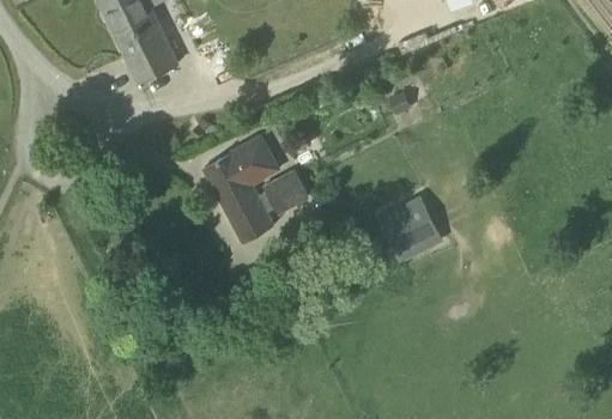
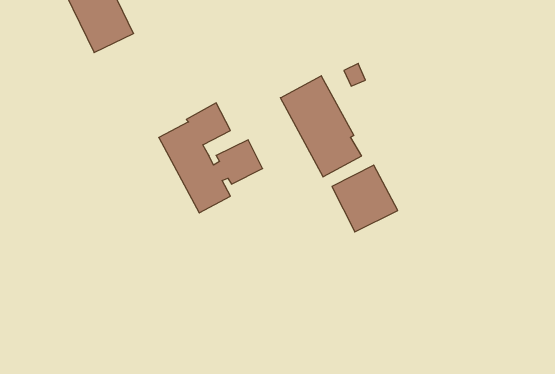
building: none -> [280,76,361,177]

